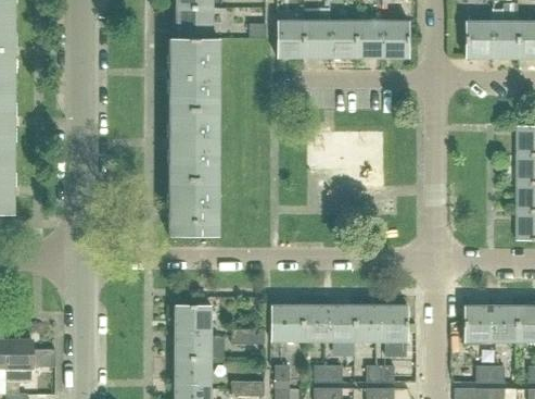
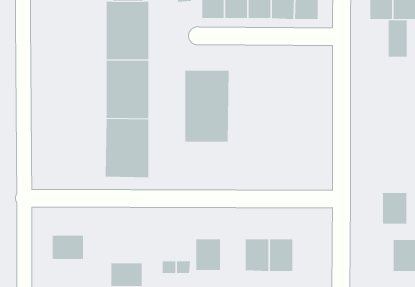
building: none -> [388,20,407,57]
building: none -> [185,70,229,143]
building: [175,306,211,333] -> [52,235,84,259]
building: [298,306,326,341] -> none
building: [380,306,407,342] -> none
building: [463,307,492,342] -> [382,192,407,224]

